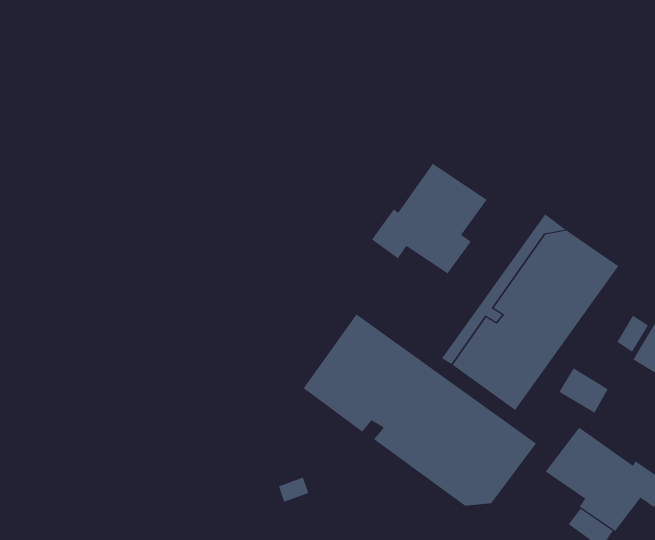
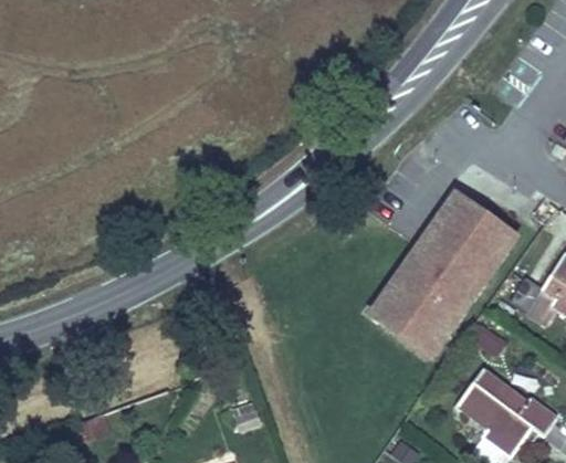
building: [371,163,487,274] -> none
building: [303,313,537,507] -> none

